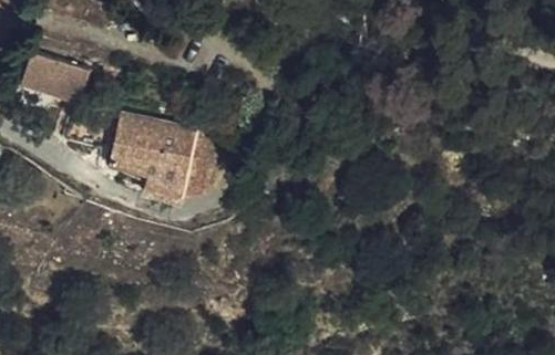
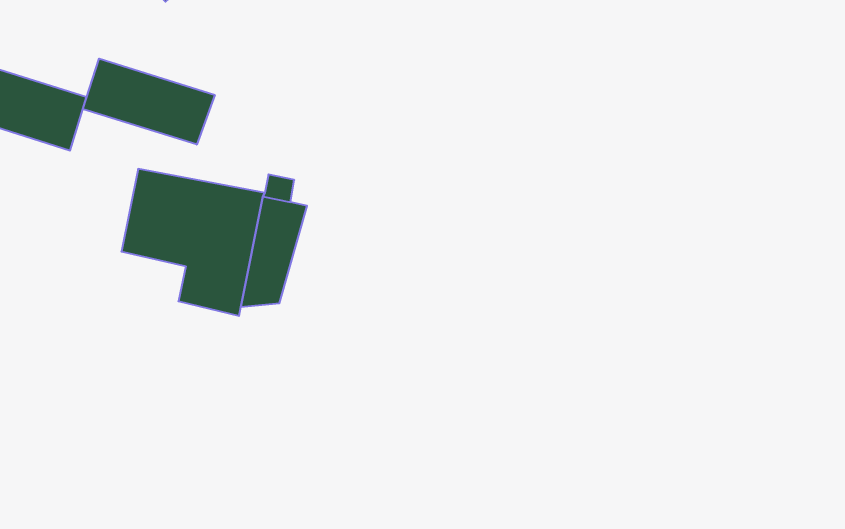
building: none -> [83,59,215,145]

